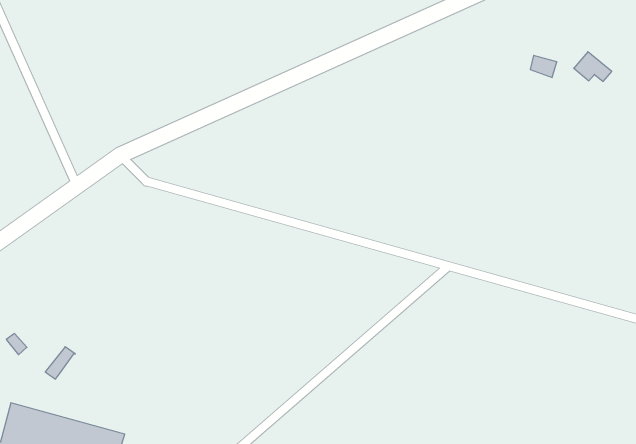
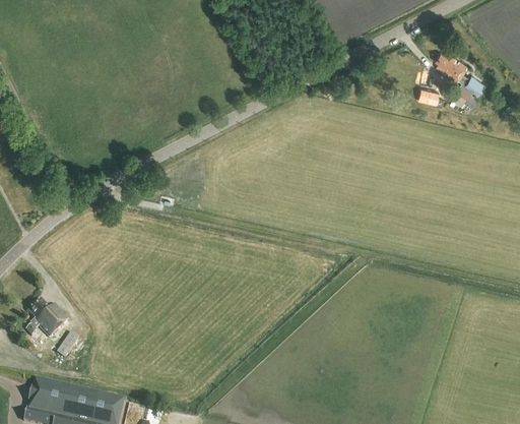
building: none -> [437,53,469,82]
building: none -> [30,301,70,339]

